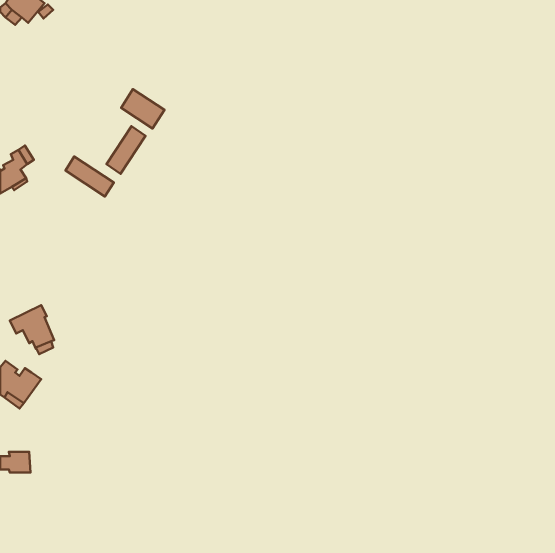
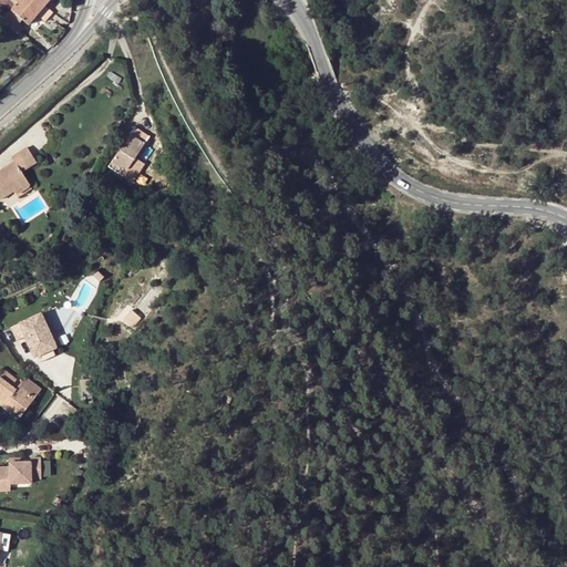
building: [121,89,164,129] -> none
building: [65,156,114,197] -> none

